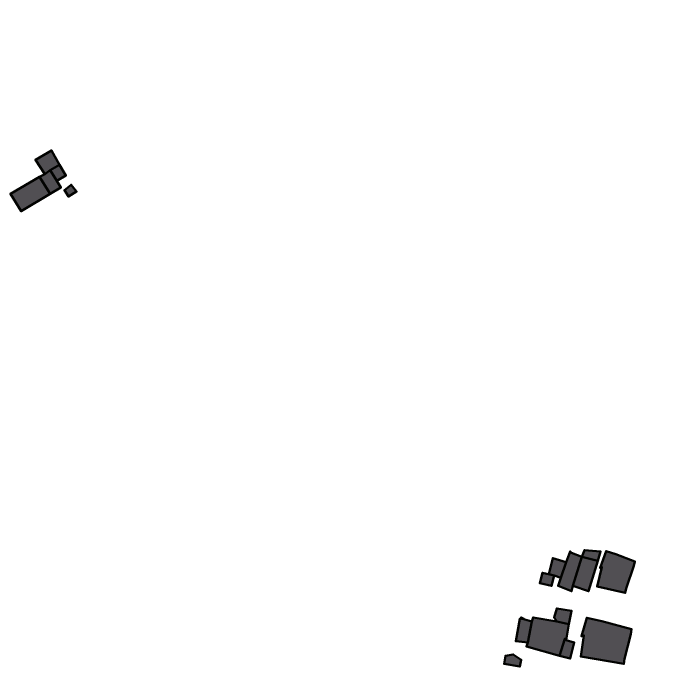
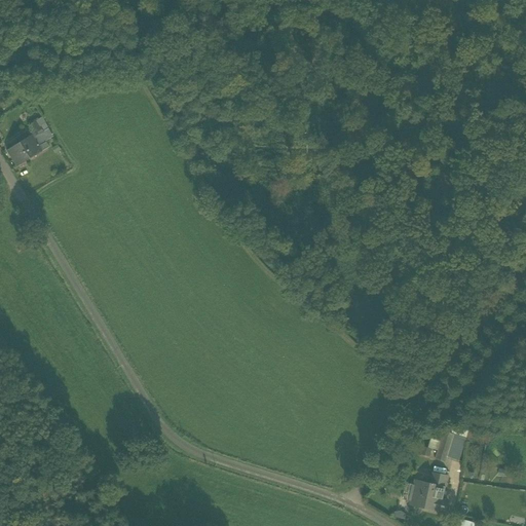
building: [597,551,635,593] -> none
building: [581,618,631,664] -> none

